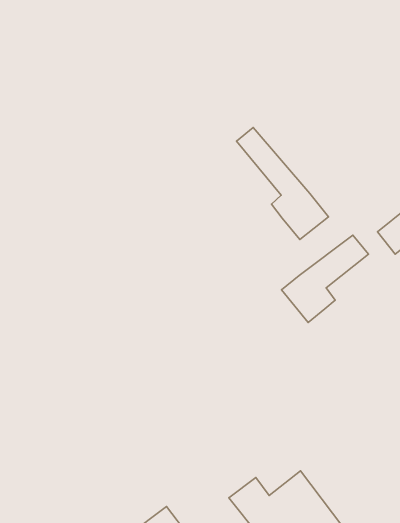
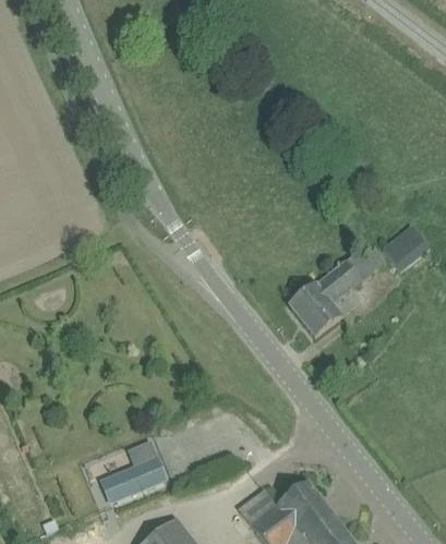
building: [236,128,329,240] -> none
building: none -> [101,442,166,501]

